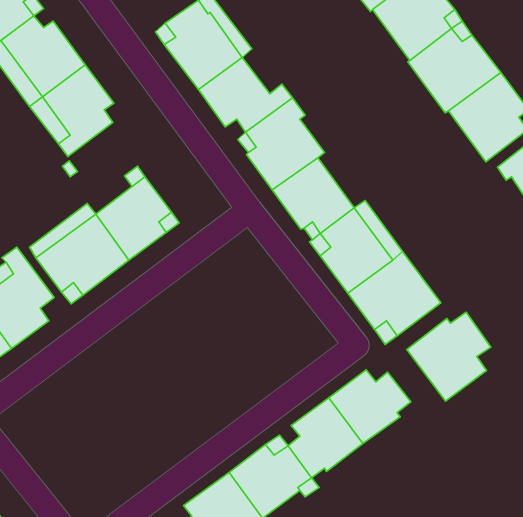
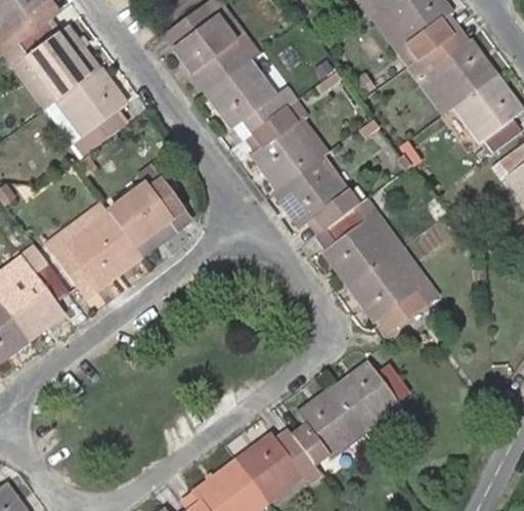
building: [407,312,491,401] -> none

